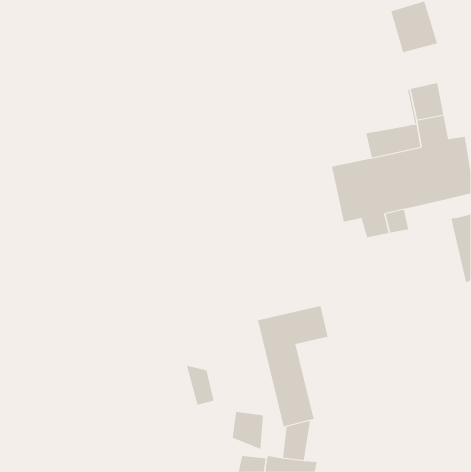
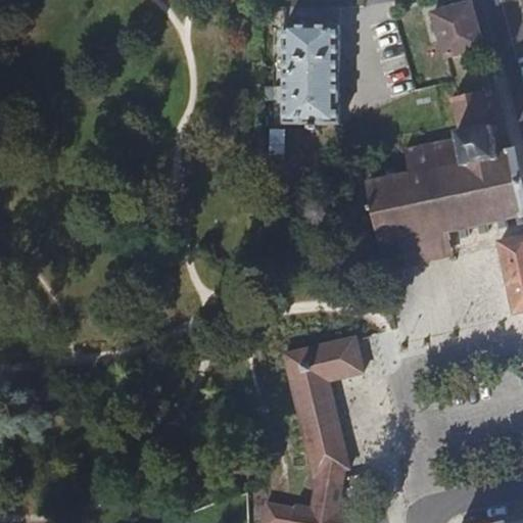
building: none -> [271,23,337,124]
building: [186,365,214,405] -> none
building: [232,411,263,450] -> none

